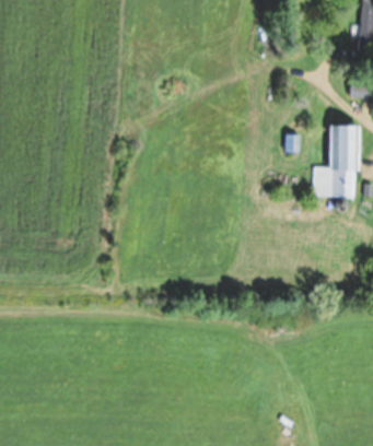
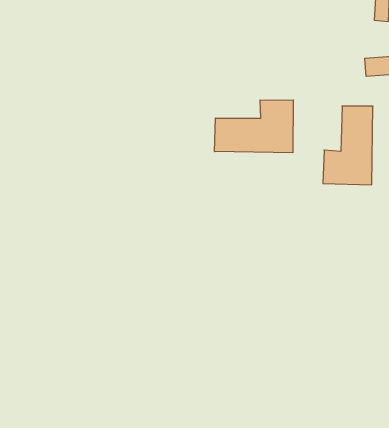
building: none -> [215,100,293,153]

